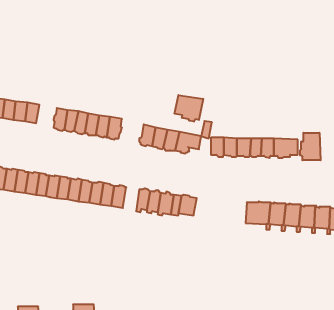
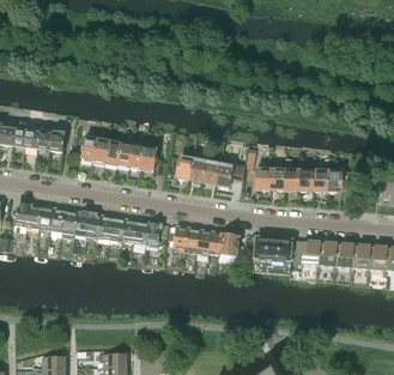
building: [175,95,203,122] -> none
building: [300,133,321,160] -> none
building: none -> [253,236,291,274]

